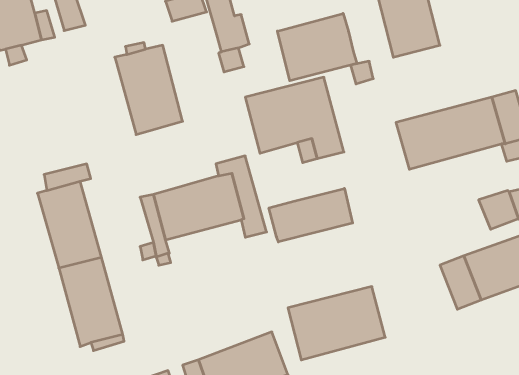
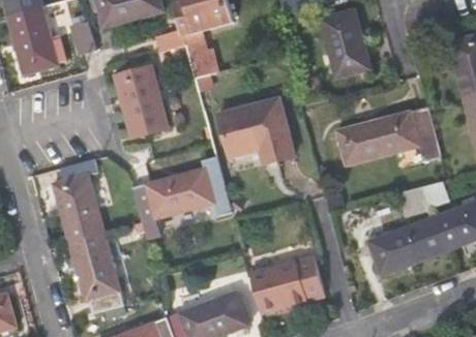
building: [277,13,357,81] -> none
building: [269,188,353,242] -> none

